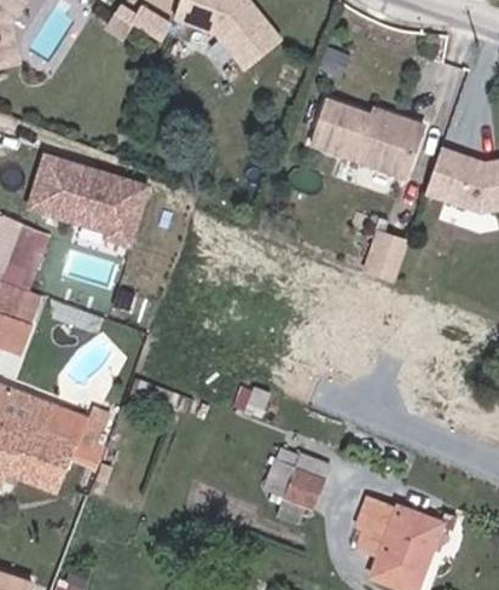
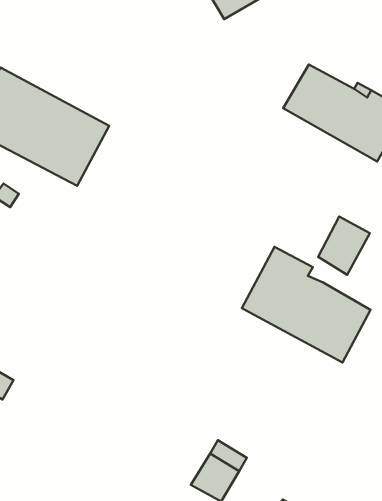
building: none -> [242,247,370,363]

